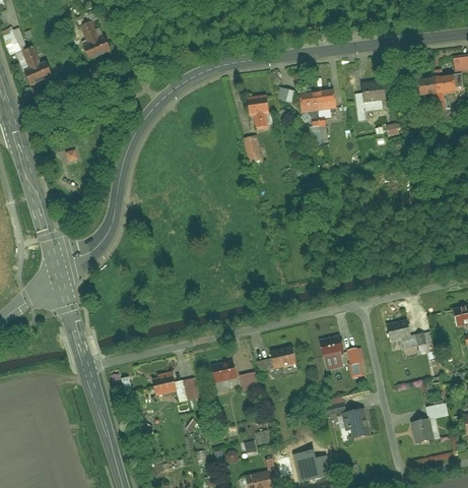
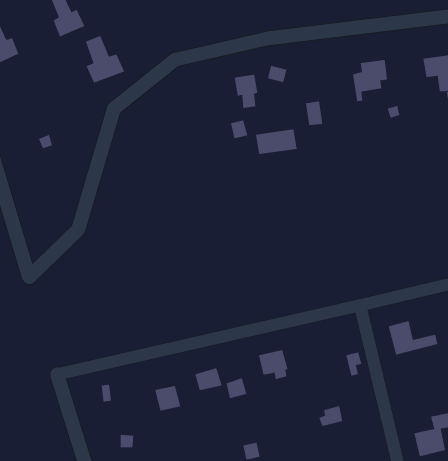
building: none -> [85,35,125,84]
building: [297,88,336,112] -> [255,129,297,155]
building: [318,336,343,359] -> none
building: [151,372,176,395] -> none
building: [340,408,370,441] -> none

